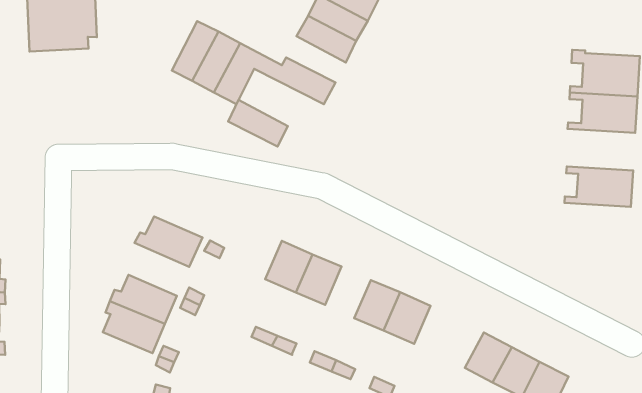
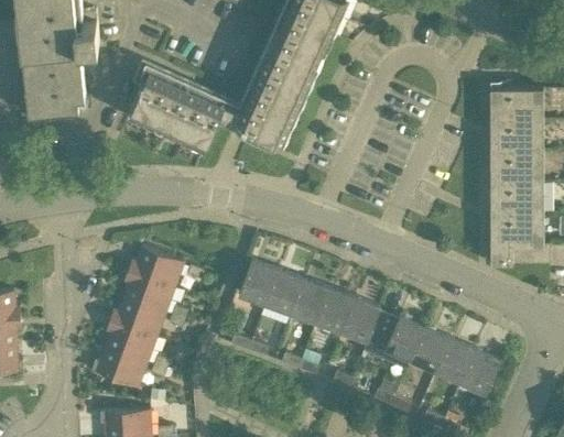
building: none -> [129,72,167,123]
building: [228,100,288,147] -> [245,88,295,125]
building: none -> [486,153,543,185]
building: none -> [487,216,550,264]
building: none -> [122,271,173,314]
building: none -> [290,281,327,324]
building: none -> [364,317,425,371]
building: none -> [89,348,147,389]

